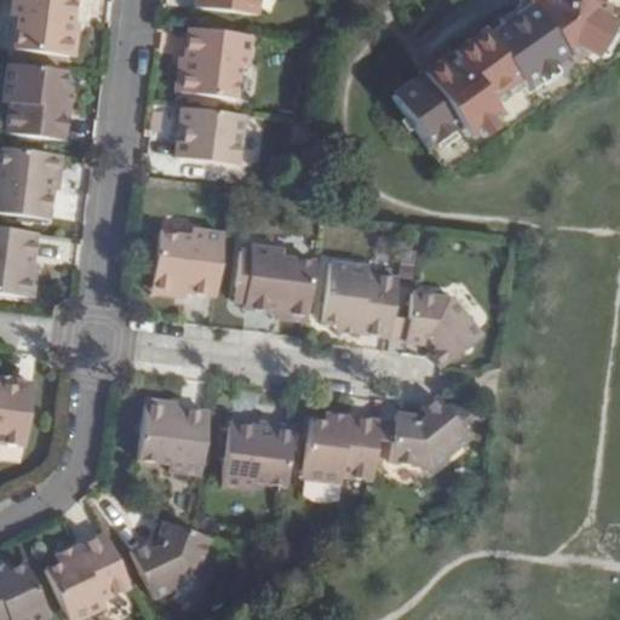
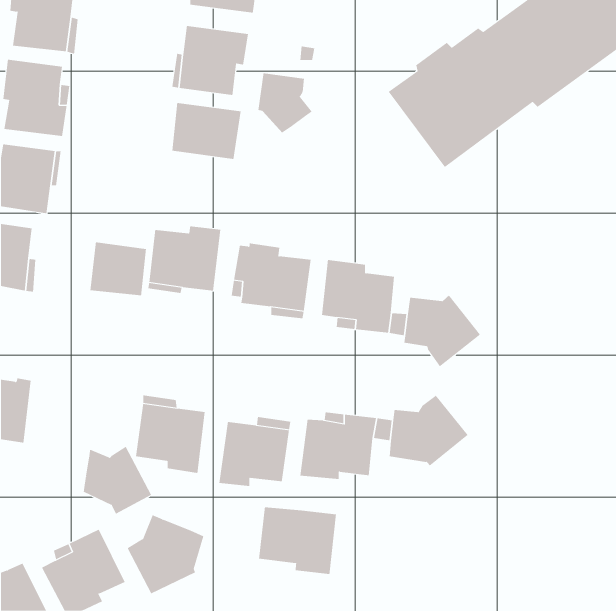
building: none -> [258,72,312,134]
building: none -> [90,242,147,296]
building: none -> [83,446,152,514]
building: none -> [258,507,336,575]

